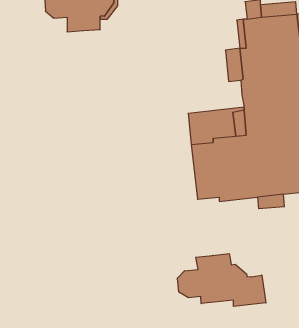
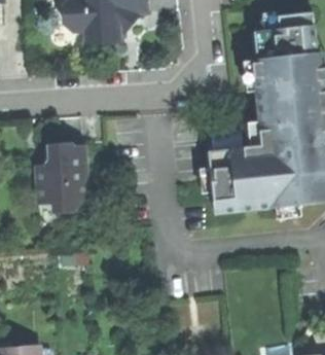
building: none -> [36,141,86,212]
building: [177,254,266,306] -> none

